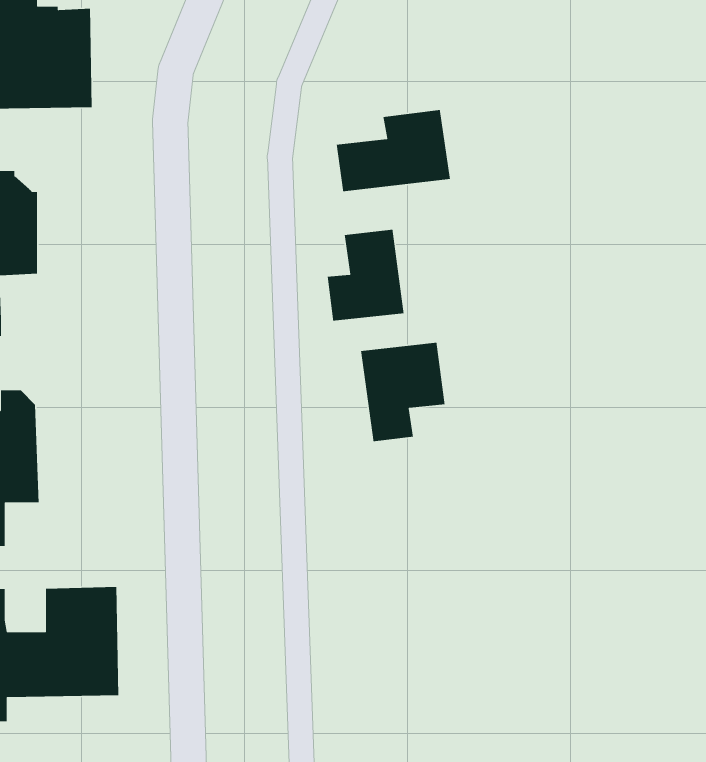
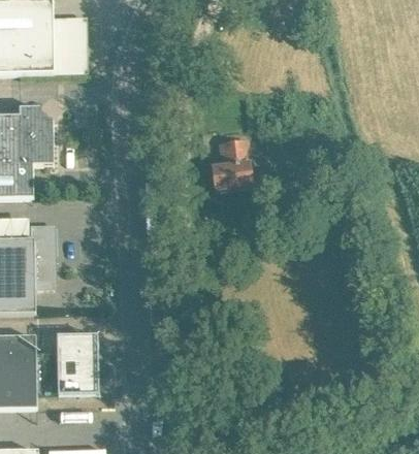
building: [336,109,451,192] -> none
building: [360,342,445,442] -> none

